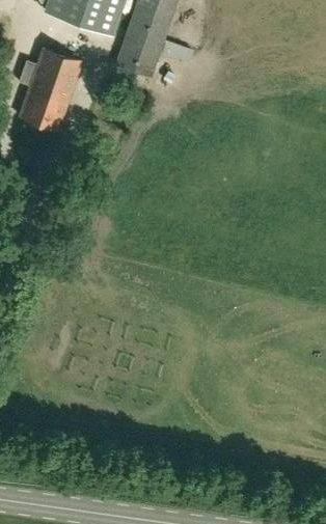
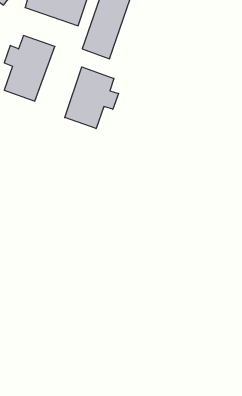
building: none -> [65,67,119,129]

